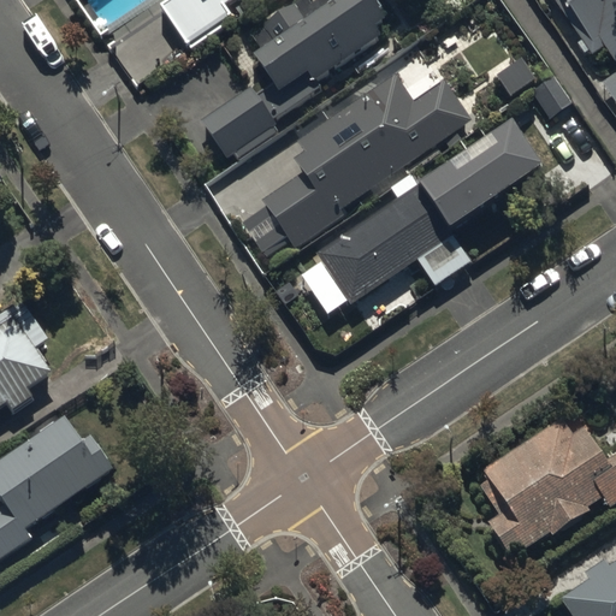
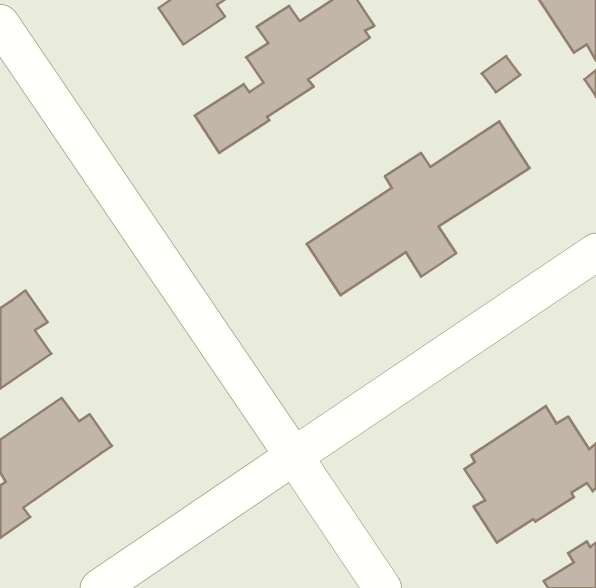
building: [263,64,472,248] -> none

